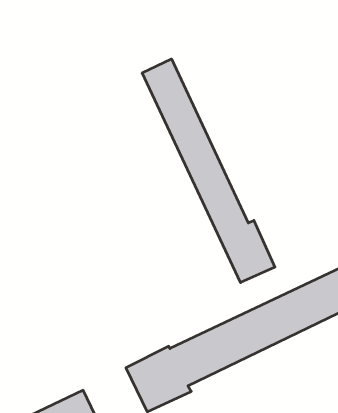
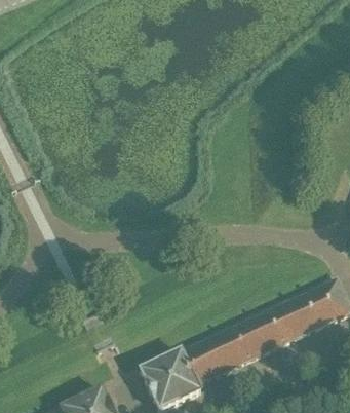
building: [142,59,275,283] -> none

